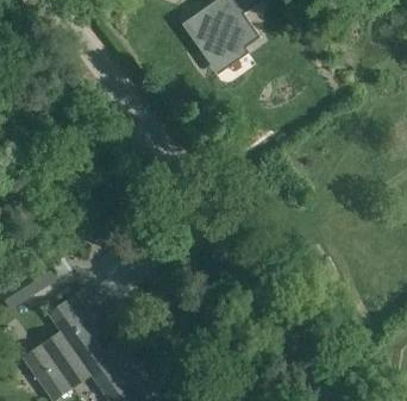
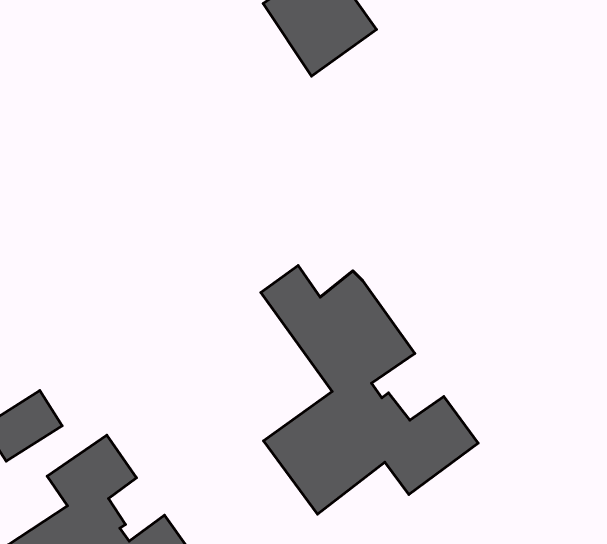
building: none -> [261,266,478,514]

